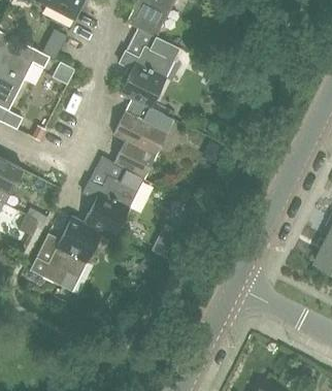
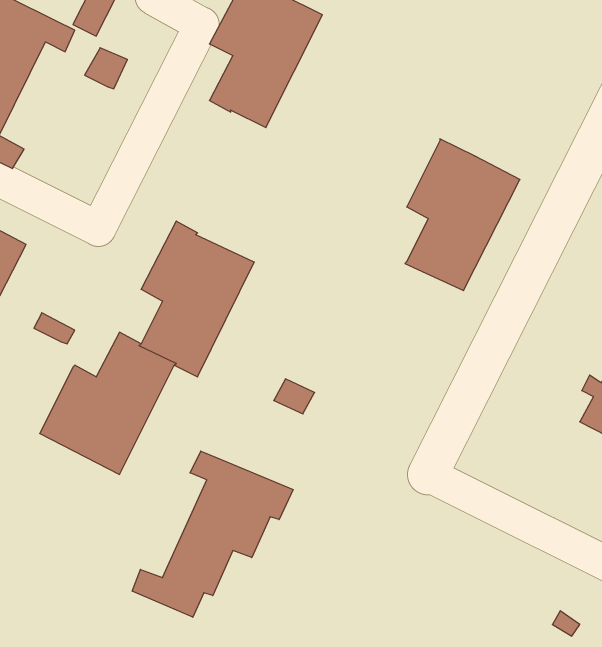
building: [112,98,173,178] -> [405,139,520,291]
building: none -> [132,451,293,617]

